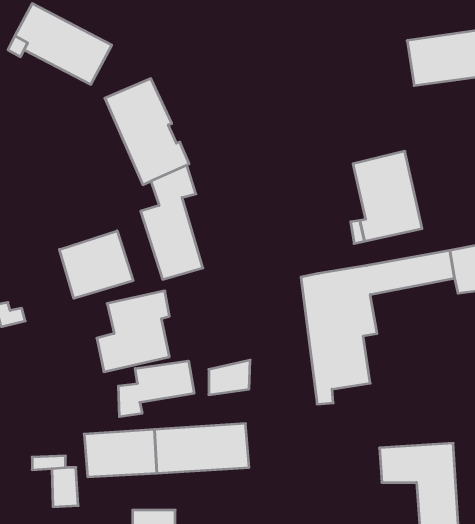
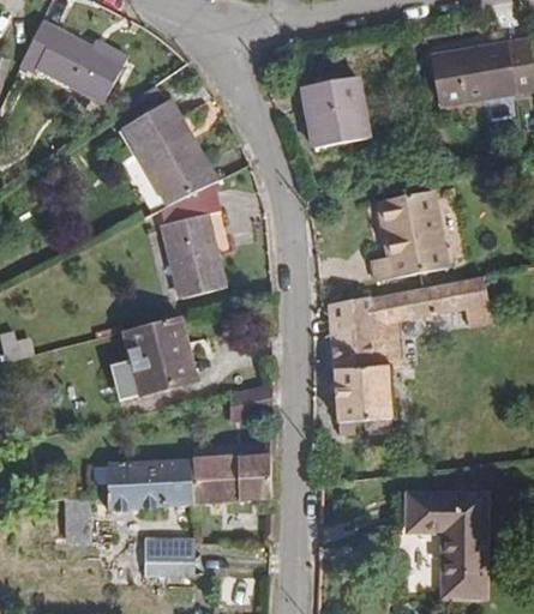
building: none -> [304,78,366,151]
building: [59,231,133,298] -> none
building: [118,361,194,417] -> none

